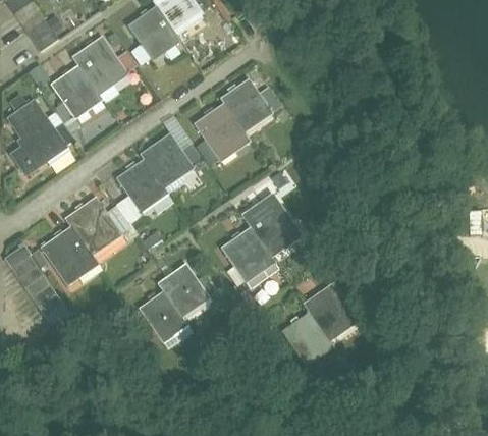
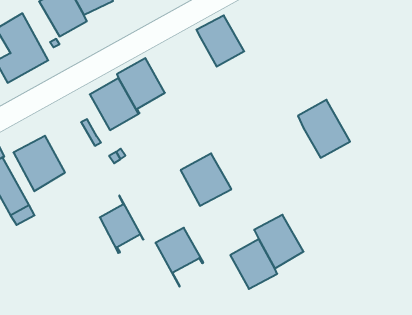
building: [194,102,252,162] -> none
building: [243,194,302,256] -> [298,100,350,158]
building: [66,197,123,256] -> none
building: [158,262,211,325] -> [155,228,203,287]

